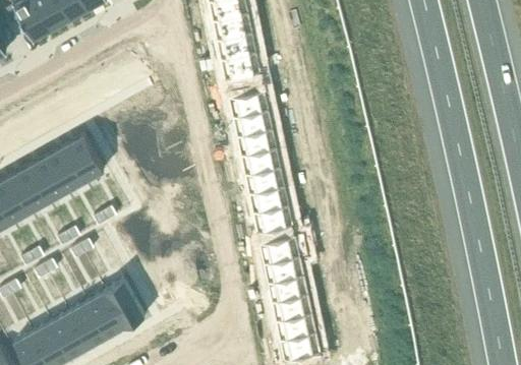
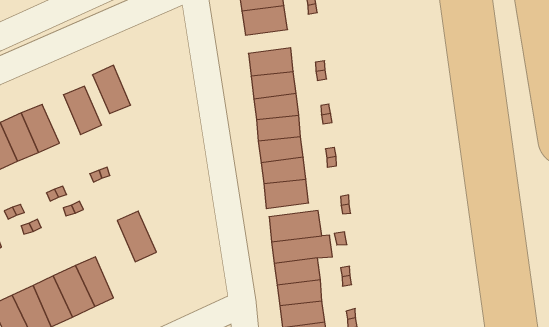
building: [46,149,82,193] -> [92,65,131,114]
building: [105,283,142,328] -> [117,211,156,262]

